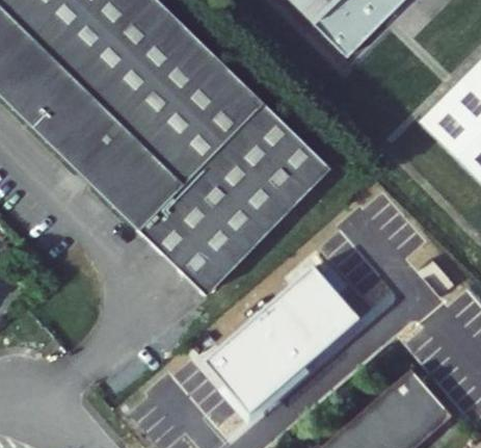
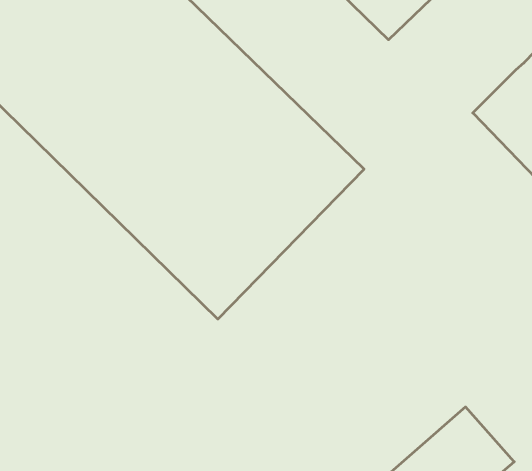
building: [207,265,364,415] -> none

